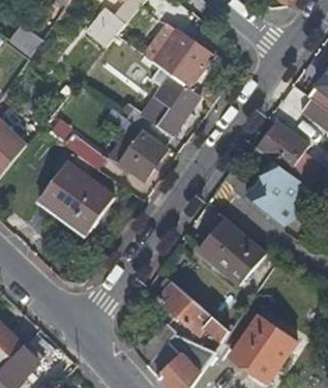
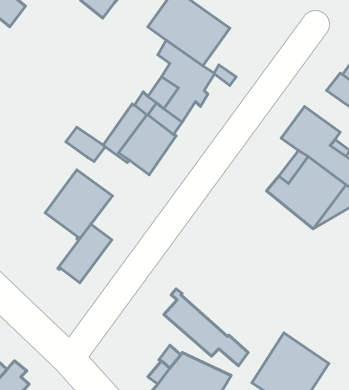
building: [38,162,84,212] -> [58,224,112,283]
building: [198,217,266,285] -> none

